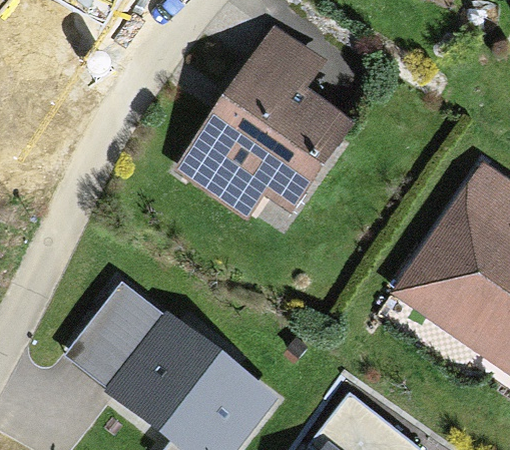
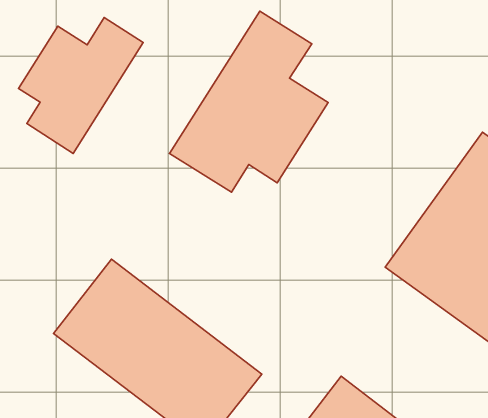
building: none -> [18,18,143,153]

